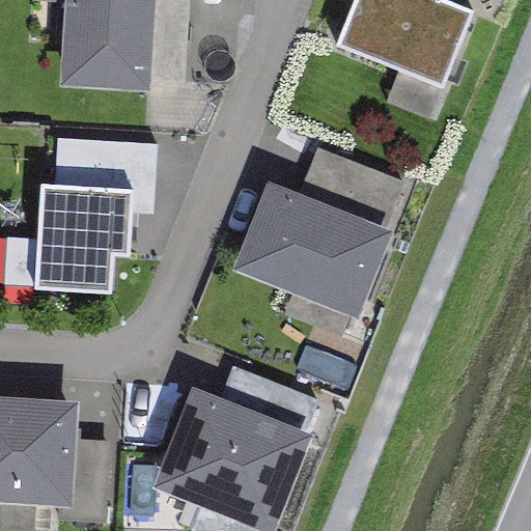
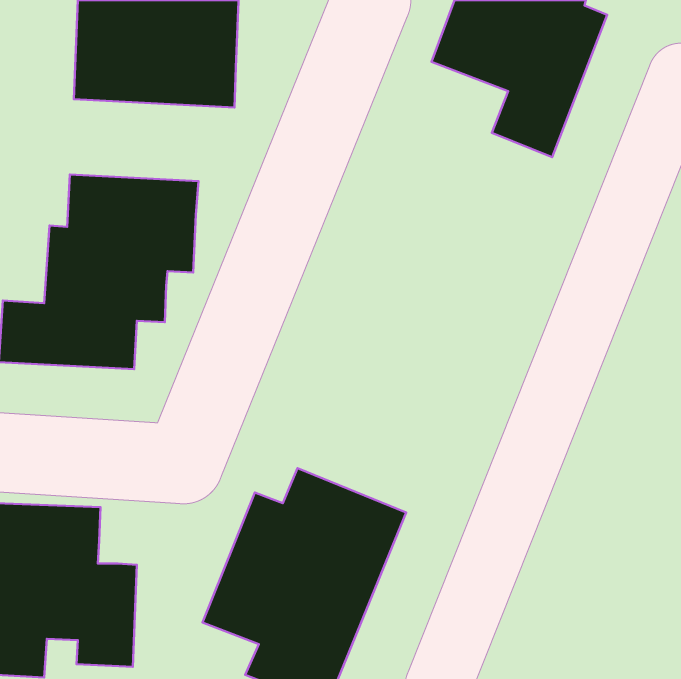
building: [236,148,408,311] -> none

